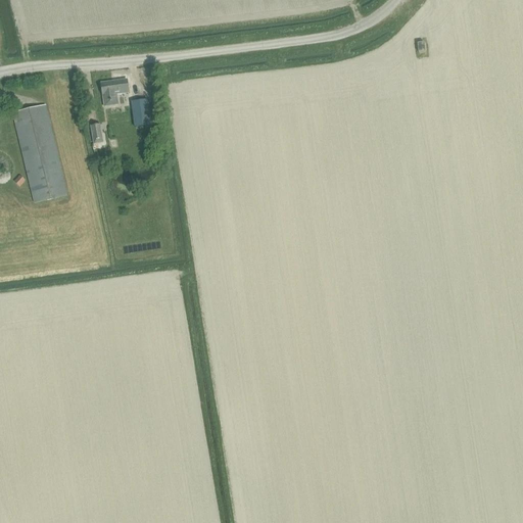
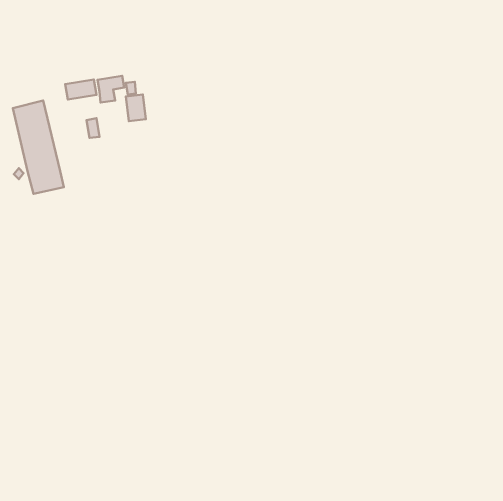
building: none -> [65,79,96,100]

